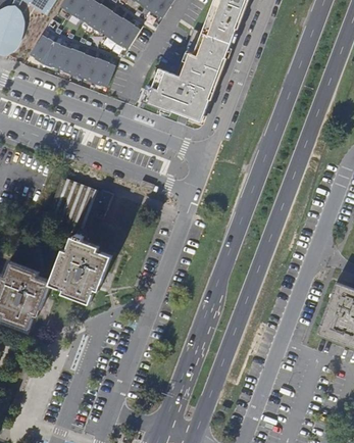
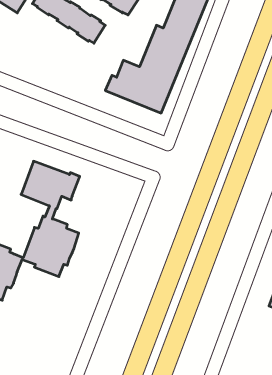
building: [31,35,115,87] -> none

